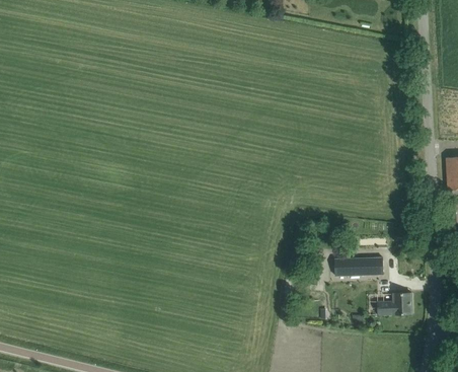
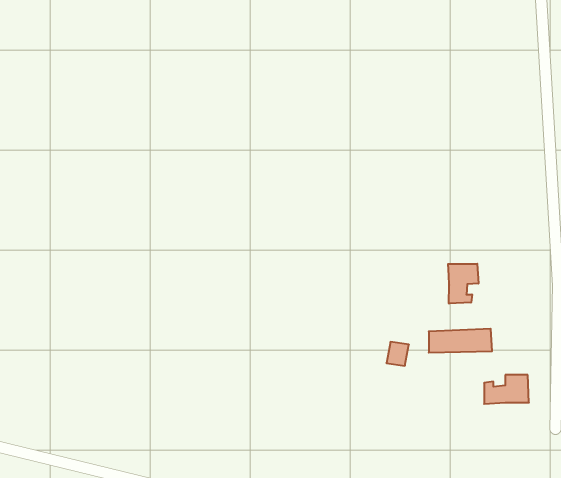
building: none -> [448,264,478,304]

